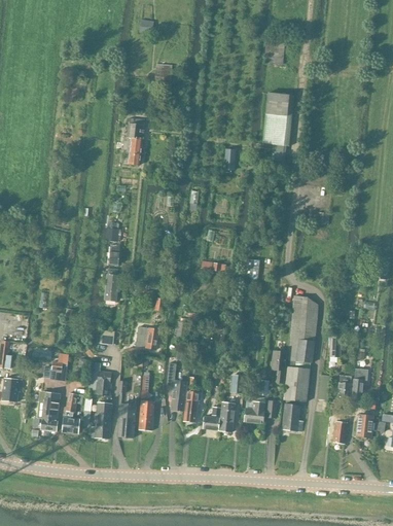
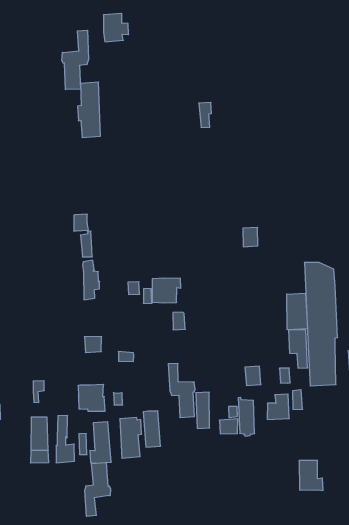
building: none -> [62,30,89,90]
building: [262,92,293,161] -> none
building: none -> [287,293,307,330]
building: [135,325,162,348] -> [152,278,181,303]
building: [283,404,303,431] -> [299,460,323,490]
building: none -> [85,462,110,516]

